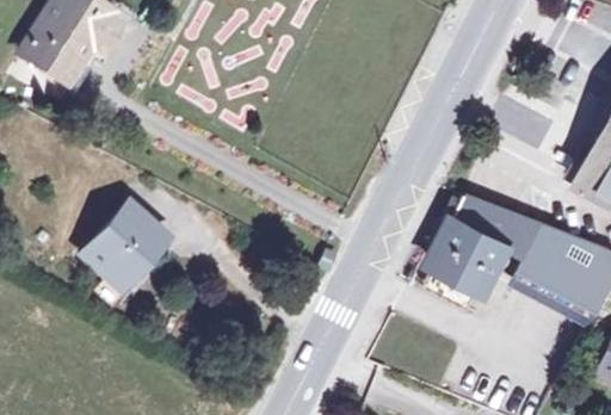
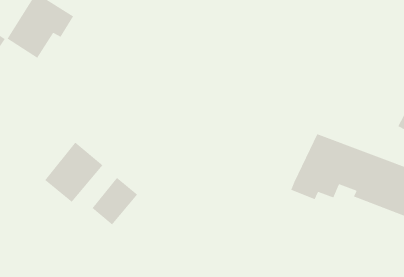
building: none -> [91,177,138,225]

